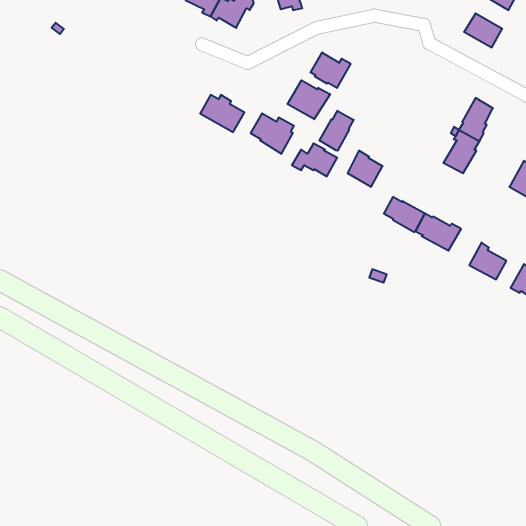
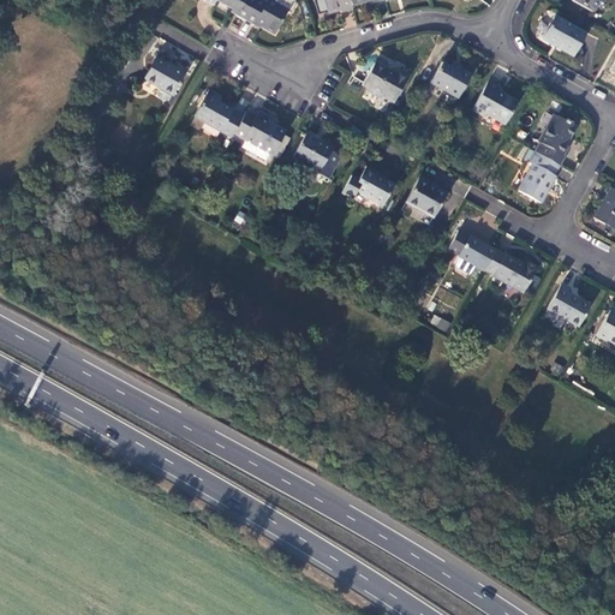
building: none -> [144,56,186,95]
building: none -> [431,61,472,97]
building: none -> [472,80,519,124]
building: none -> [196,89,245,137]
building: [288,80,330,119] -> none
building: [319,111,354,151] -> none

